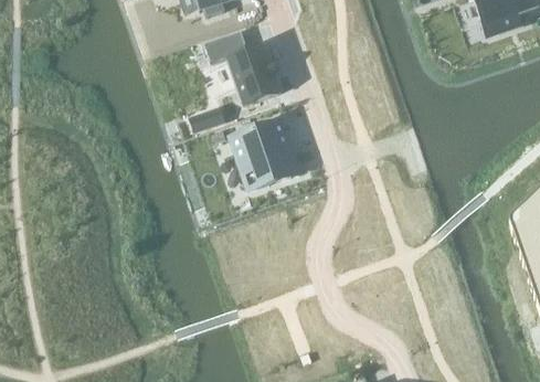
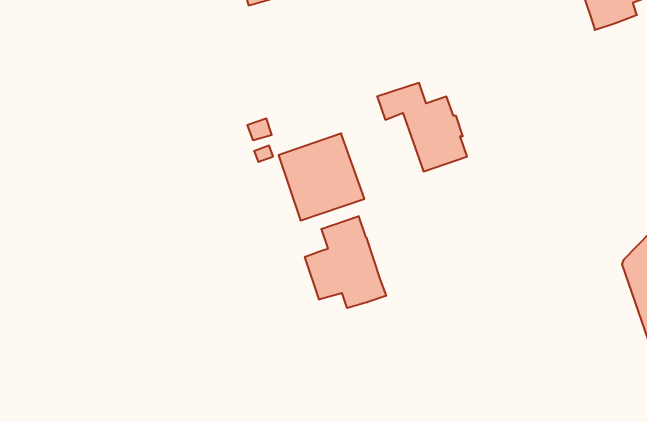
building: [210,33,283,105] -> [377,83,467,171]
building: none -> [305,216,386,308]

